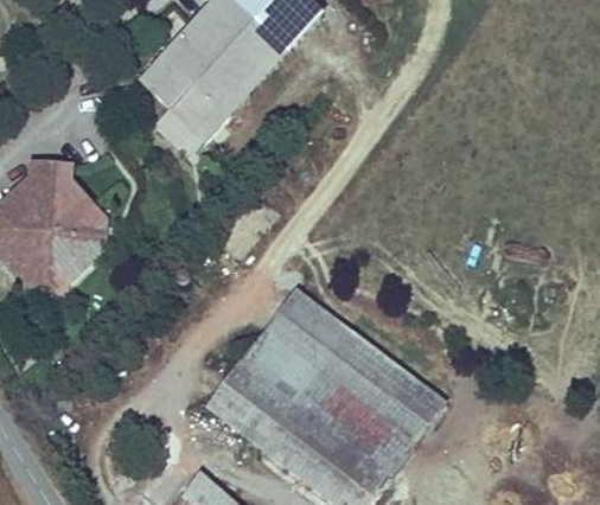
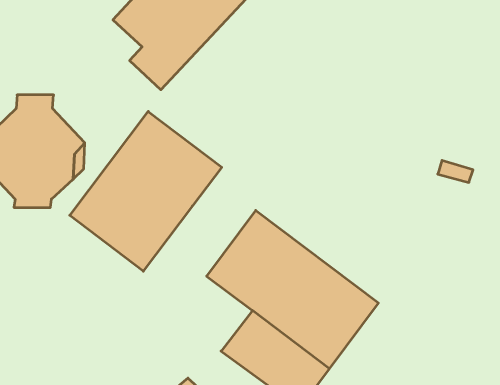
building: none -> [70,111,222,271]
building: [209,366,296,452] -> none

